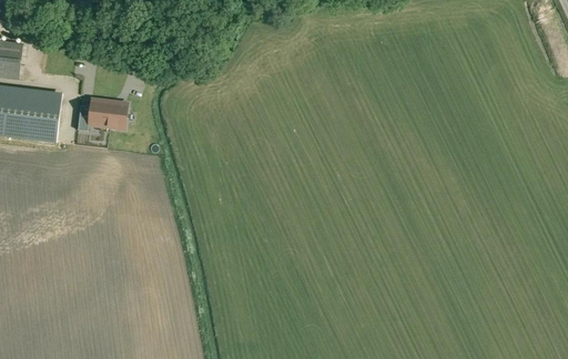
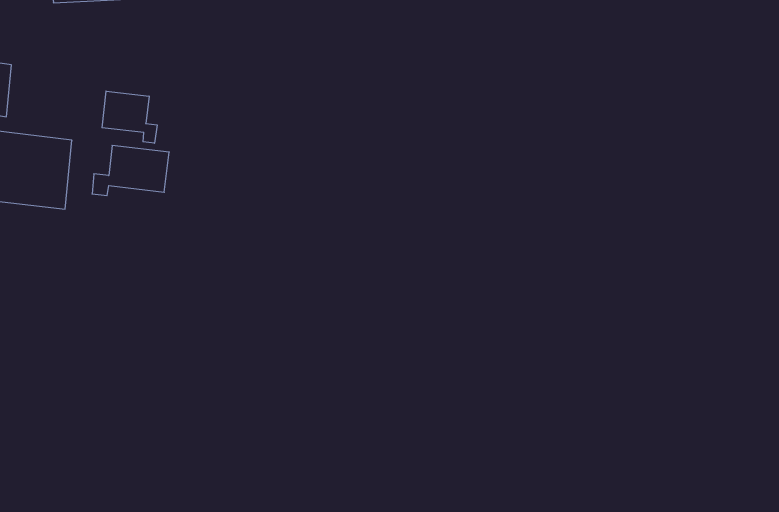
building: none -> [102,91,157,143]

